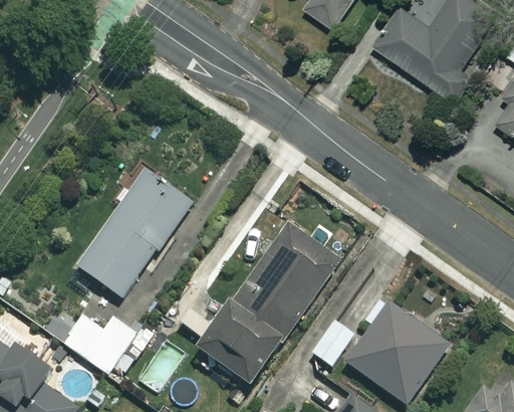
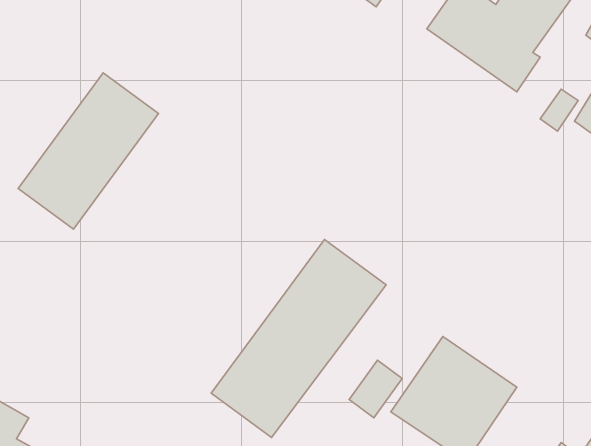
building: [76,169,191,296] -> [18,73,159,229]
building: [63,315,138,374] -> none

